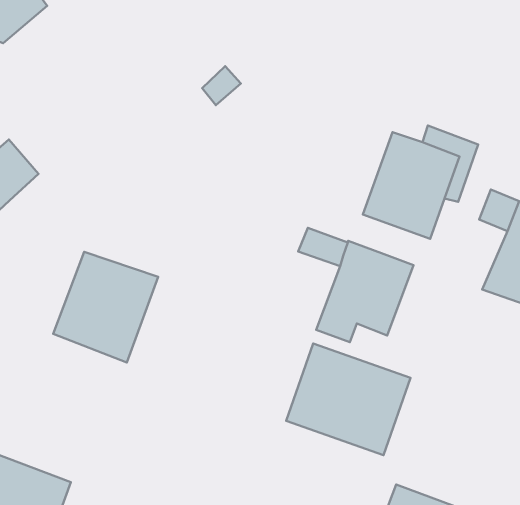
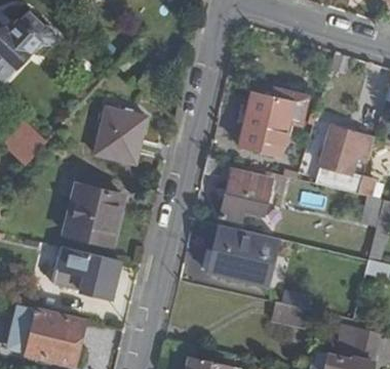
building: none -> [95,107,147,163]
building: none -> [52,248,119,298]

